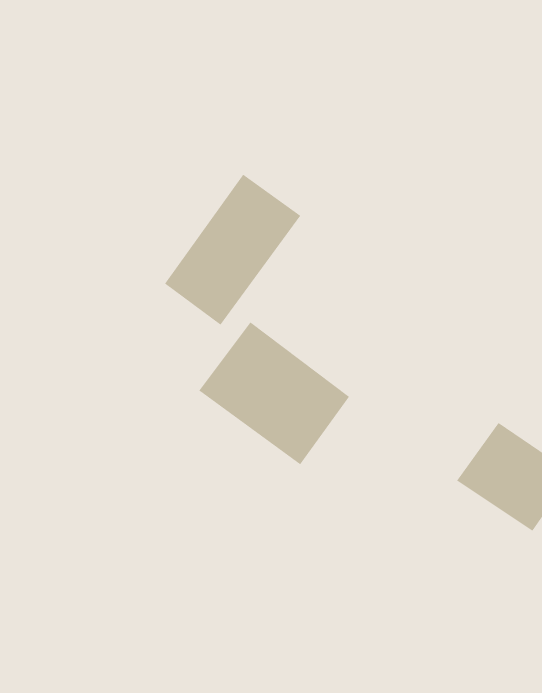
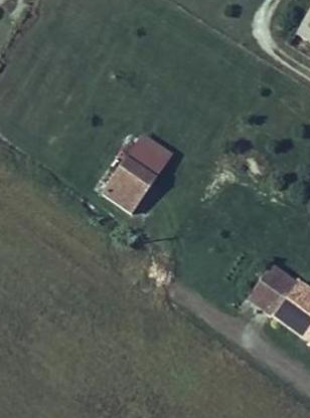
building: [199,321,350,465] -> none

